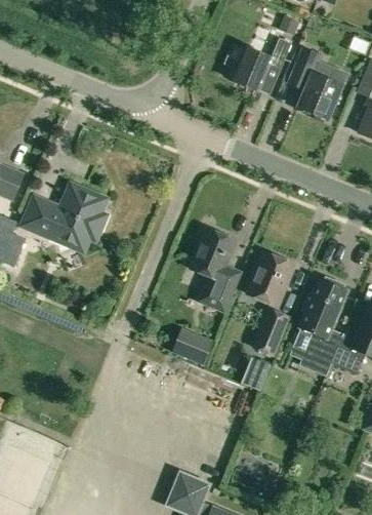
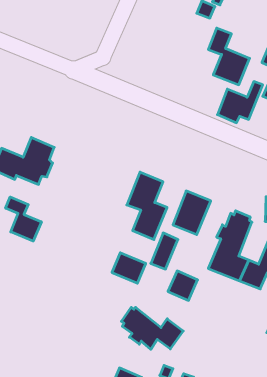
building: [234,39,290,90] -> [217,82,263,123]
building: none -> [6,197,41,241]
building: [253,309,287,354] -> [151,233,178,269]
building: none -> [121,307,183,349]

